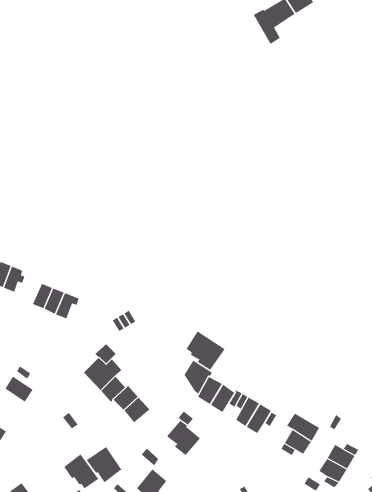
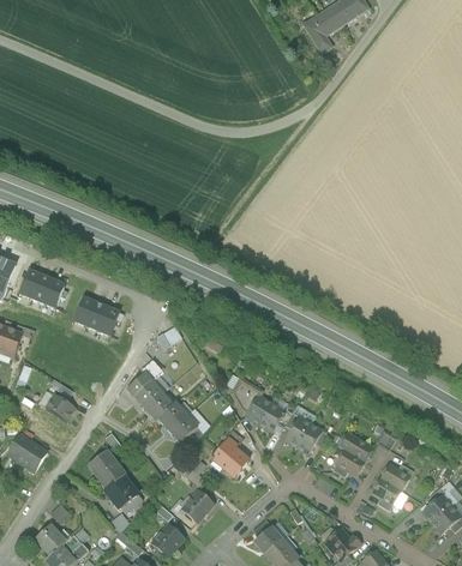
building: [186,331,225,371] -> none
building: [86,446,123,483] -> [88,448,126,487]

